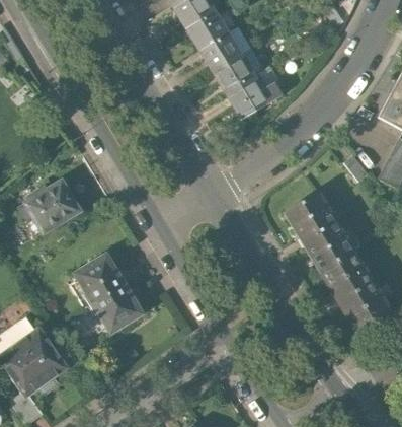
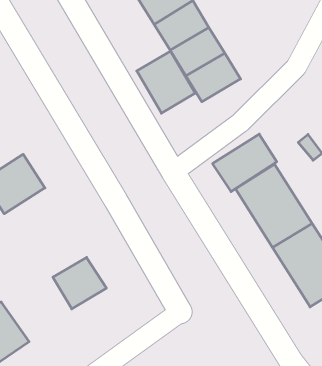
building: none -> [137,51,195,113]
building: none -> [213,134,277,192]
building: [72,251,127,303] -> none

